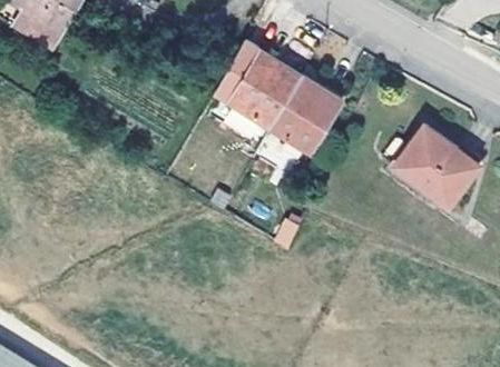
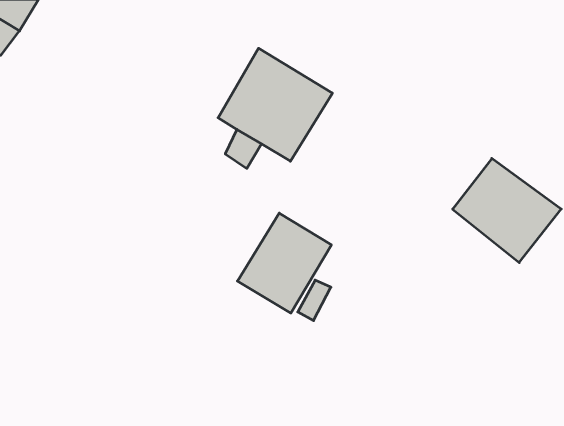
building: [271,77,343,153] -> [237,213,331,313]

